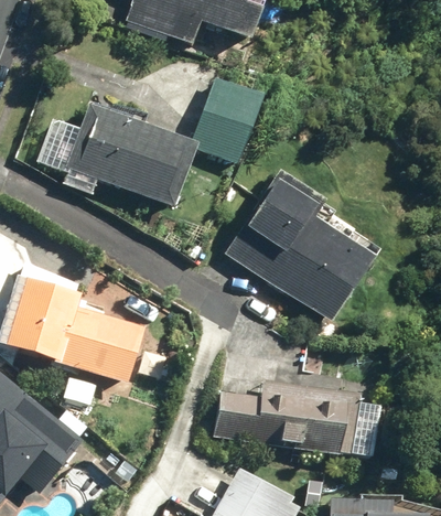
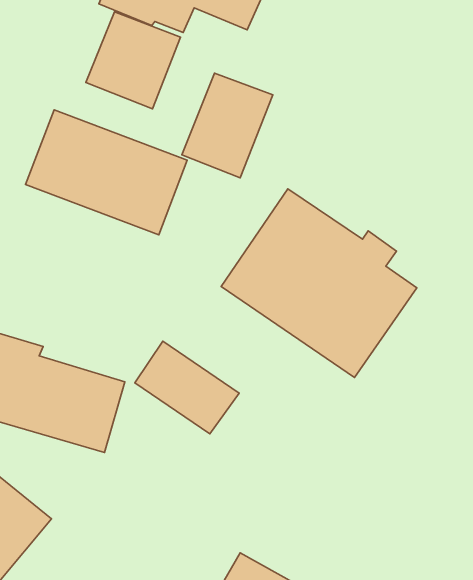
building: none -> [86,12,180,109]
building: none -> [135,341,239,434]
building: [214,374,379,460] -> none

